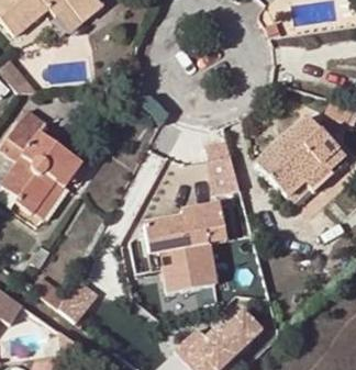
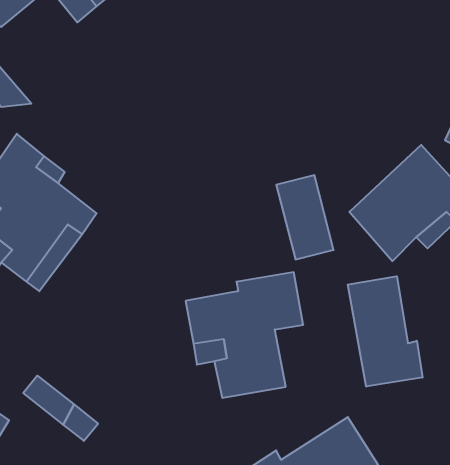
building: none -> [348,276,422,387]

